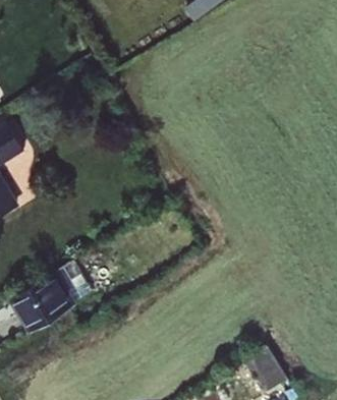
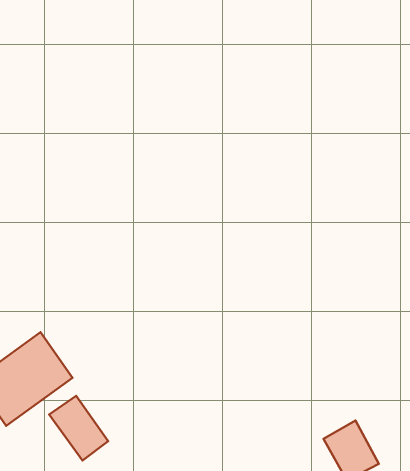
building: none -> [49,396,108,461]

